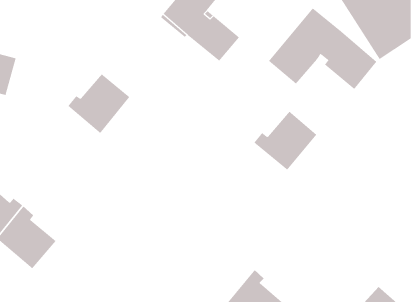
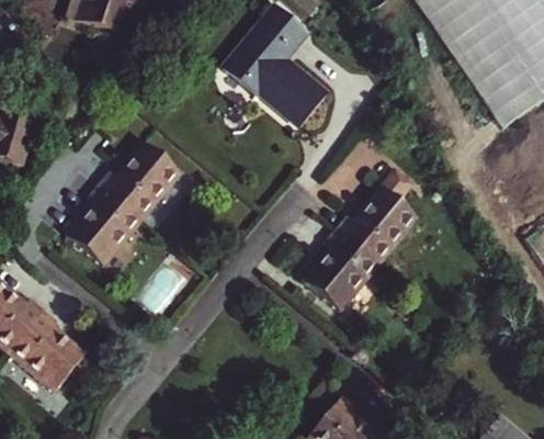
building: [268,8,377,90] -> none
building: none -> [66,183,141,264]
building: none -> [307,230,383,314]

